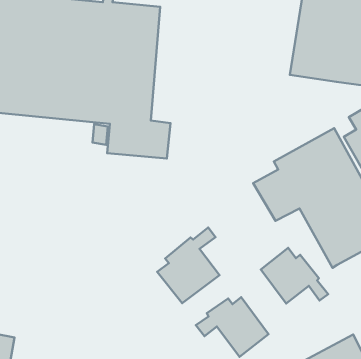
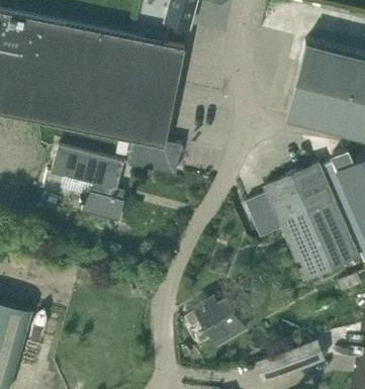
building: none -> [52,148,123,223]
building: [157,227,220,303] -> none
building: [261,248,328,304] -> none

